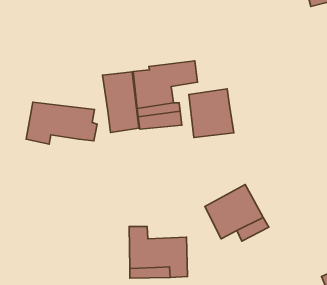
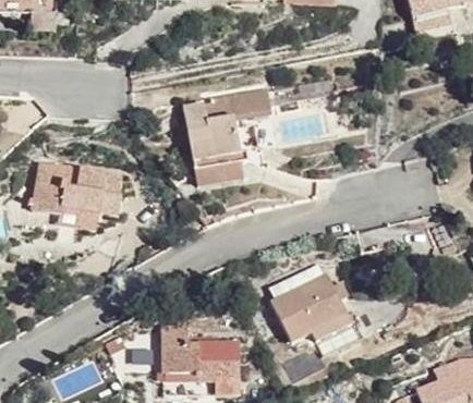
building: [103,72,139,133] -> none
building: [189,89,234,138] -> none
building: none -> [65,202,107,231]

